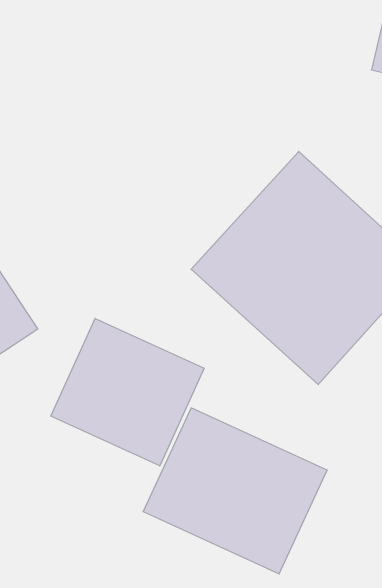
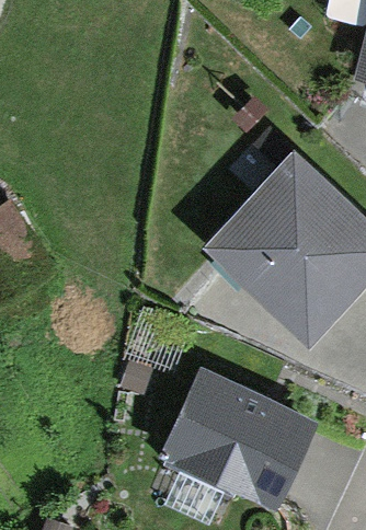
building: [51,318,204,466] -> none

